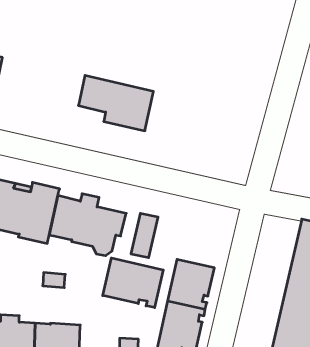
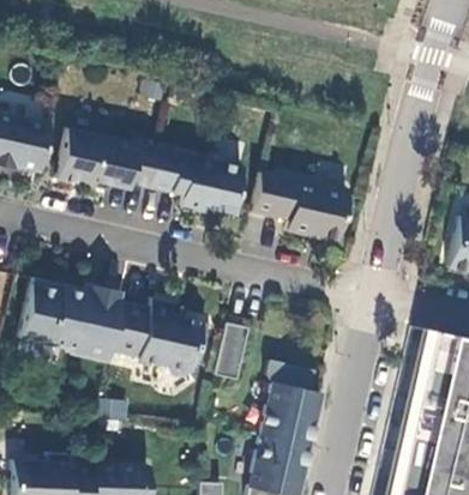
building: none -> [56,127,155,188]
building: none -> [252,170,348,237]
building: [103,258,163,308] -> none

